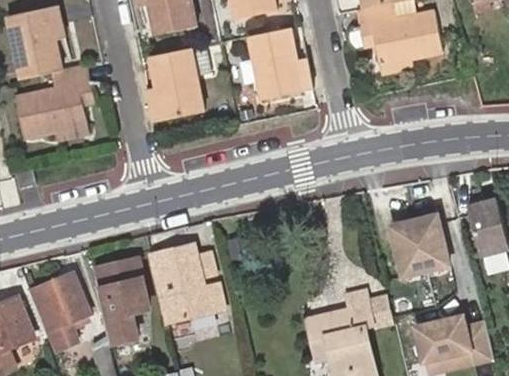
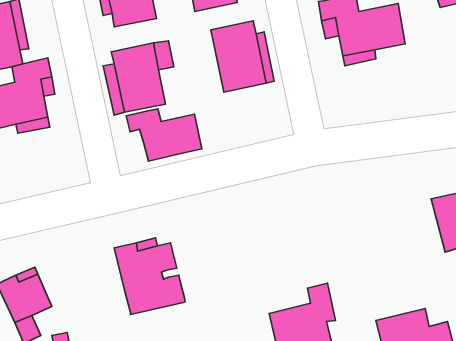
building: none -> [126,109,202,161]
building: [389,215,446,276] -> none
building: [94,258,149,342] -> none

